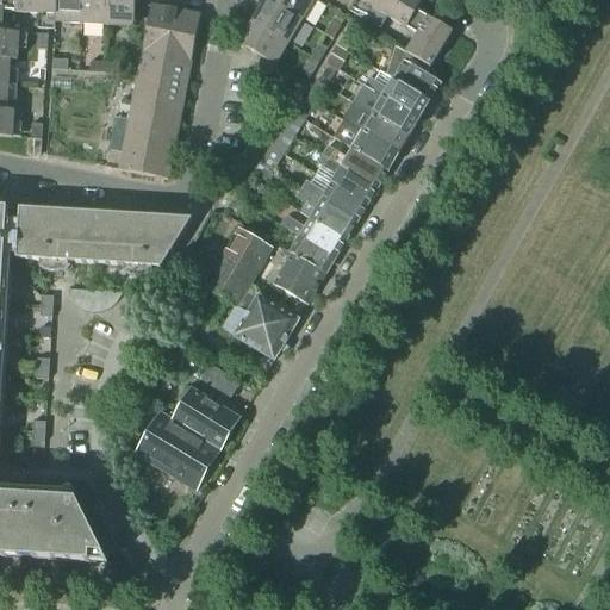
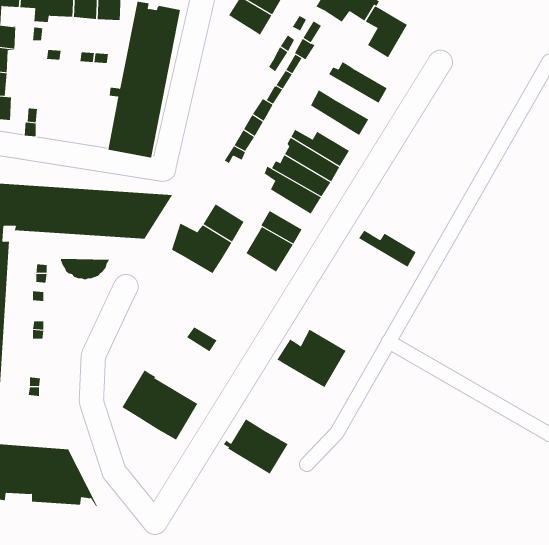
building: [238,17,288,61] -> none
building: [385,43,440,98] -> none
building: [353,82,419,132] -> none
building: [332,117,398,167] -> none
building: [280,212,344,254] -> [358,230,416,267]
building: [220,292,298,356] -> [277,329,347,388]
building: [167,385,239,447] -> [223,418,289,474]

